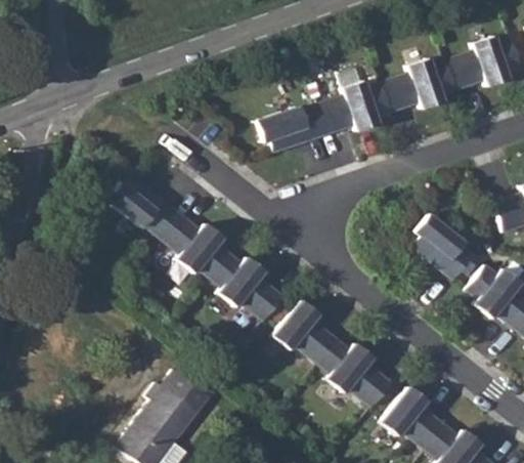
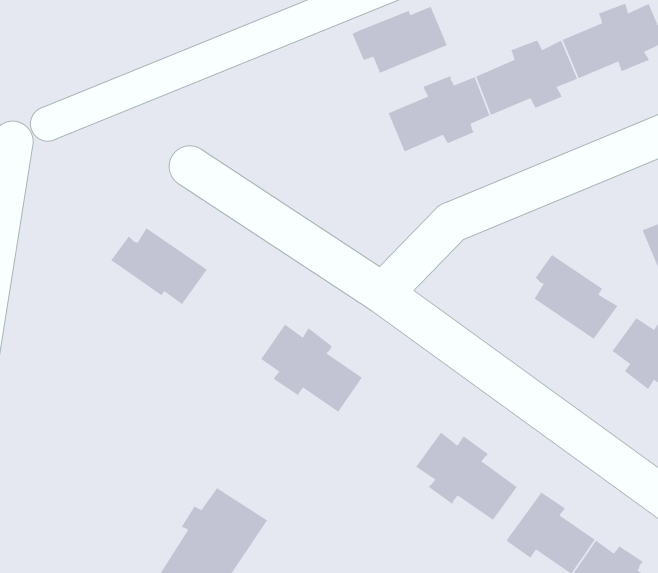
building: [257,104,326,152] -> [352,6,448,74]
building: [158,210,231,278] -> none
building: [273,300,340,364] -> none

